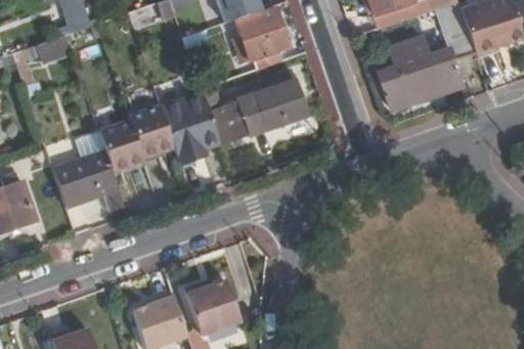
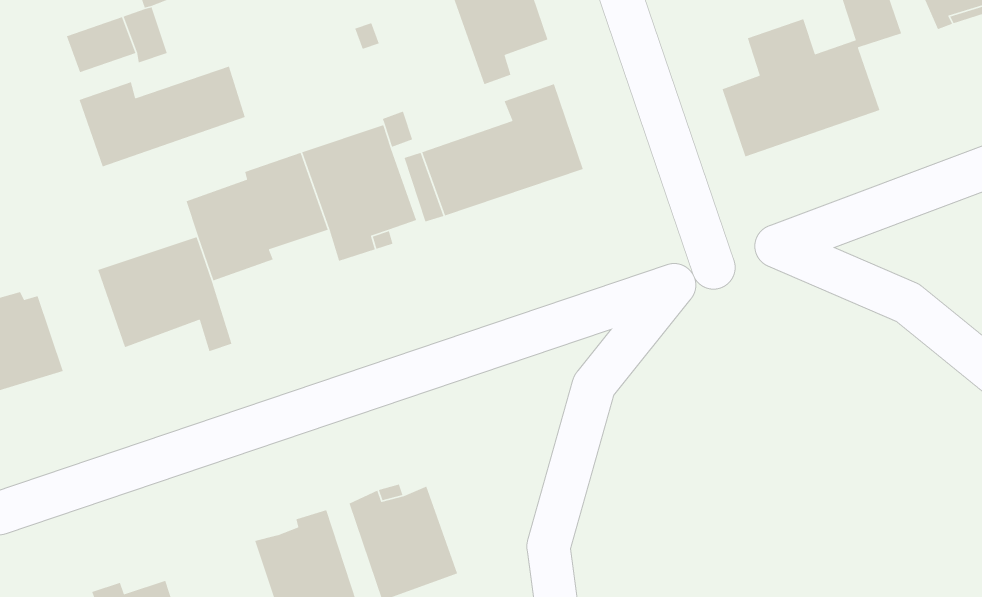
building: none -> [79,66,246,167]

